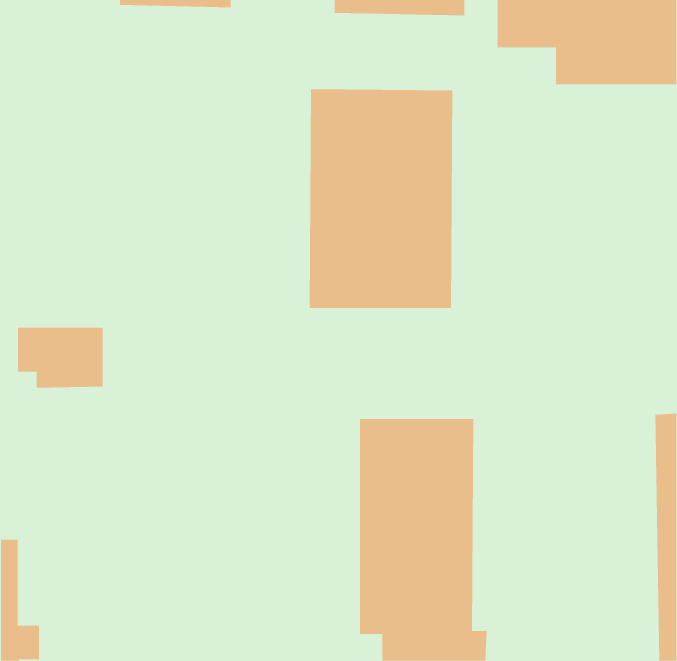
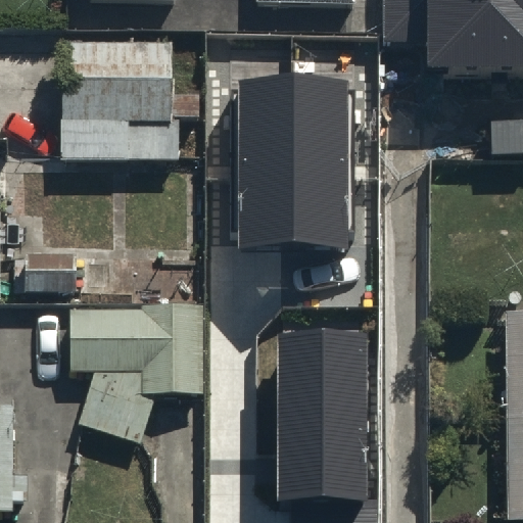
building: none -> [63,49,201,167]
building: none -> [74,304,206,445]

